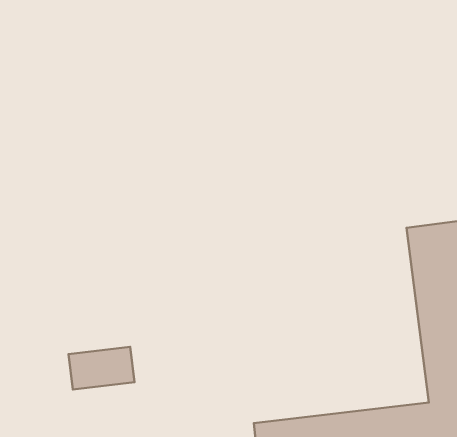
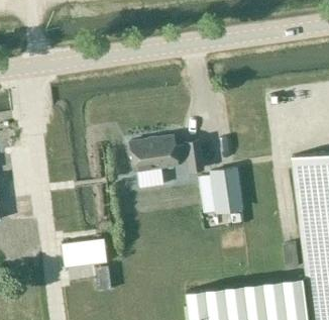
building: none -> [129,138,202,190]
building: none -> [197,169,242,216]

